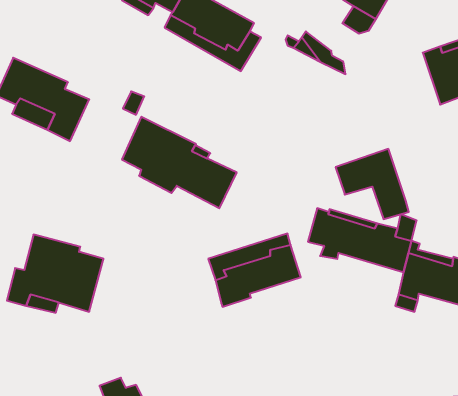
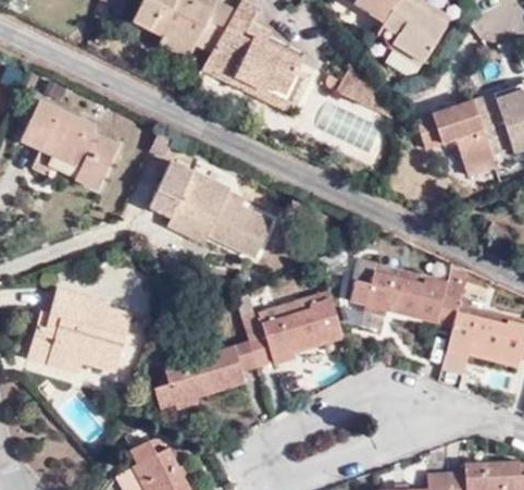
building: [336,149,409,219] -> [419,95,497,170]
building: none -> [151,339,260,407]

